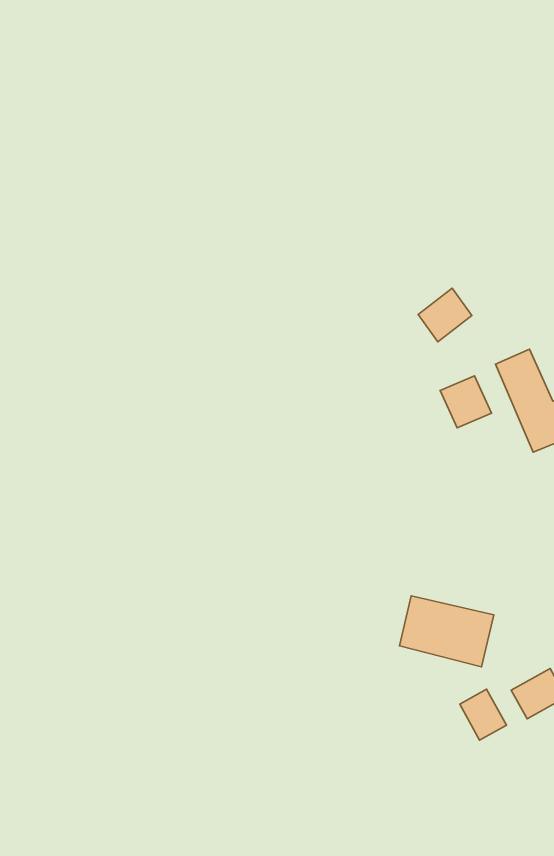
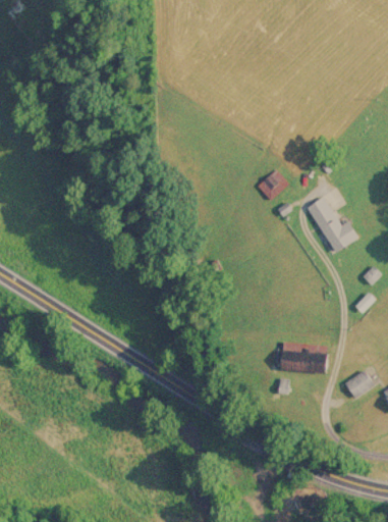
building: [440,376,491,428] -> none
building: [460,689,506,740] -> none

